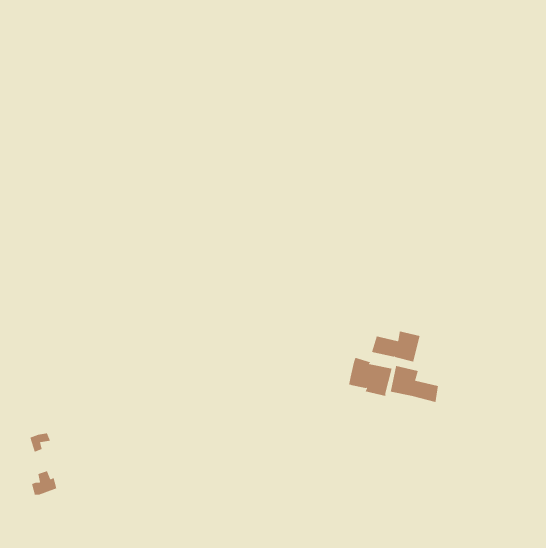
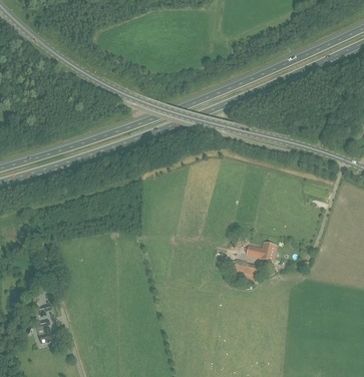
building: [390,365,439,403] -> none

